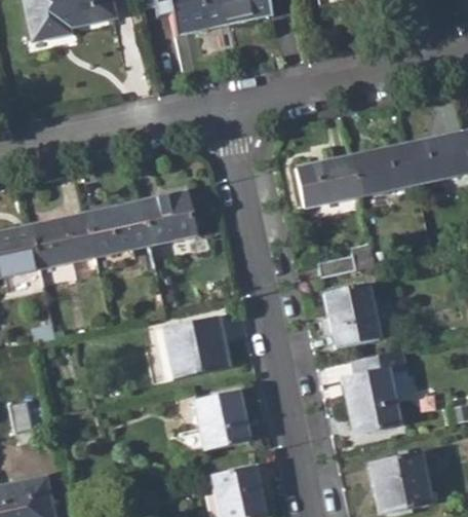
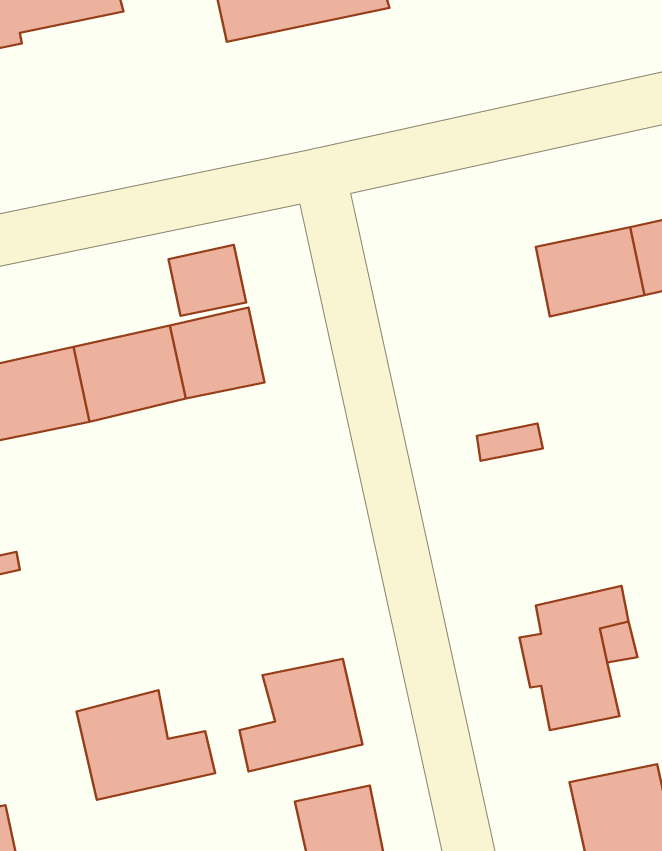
building: none -> [169,245,246,316]
building: [296,155,359,207] -> none
building: [323,285,379,348] -> none
building: [161,318,228,379] -> none
building: none -> [77,690,215,800]

